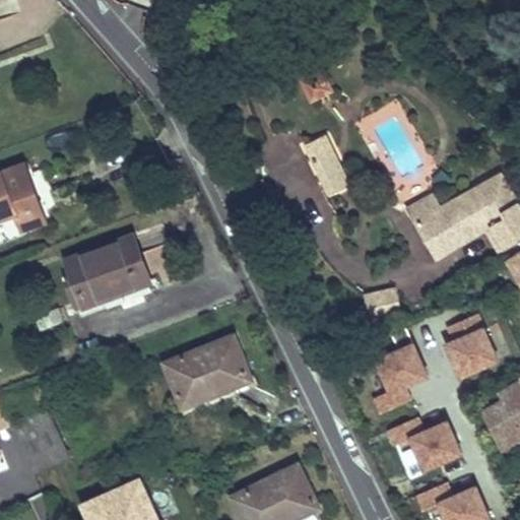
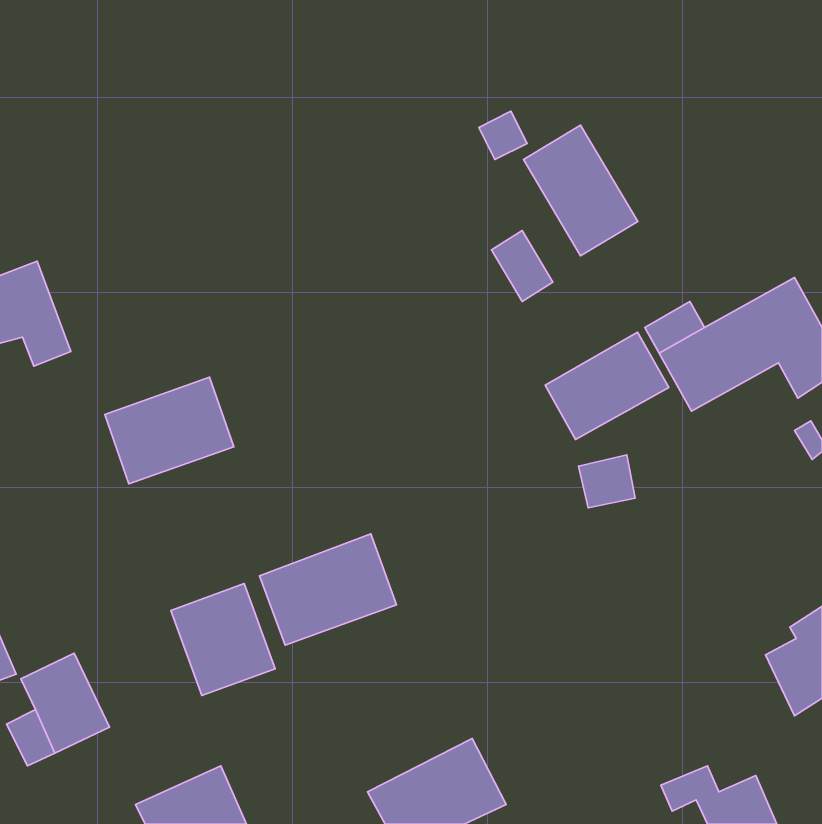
building: none -> [523,125,638,256]
building: none -> [545,332,669,439]
building: [446,315,498,378] -> none
building: [374,326,428,413] -> none
building: none -> [171,583,275,696]
building: [388,416,461,469] -> none

